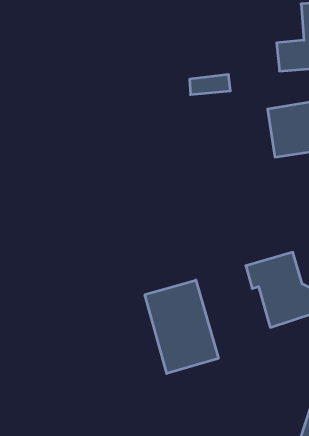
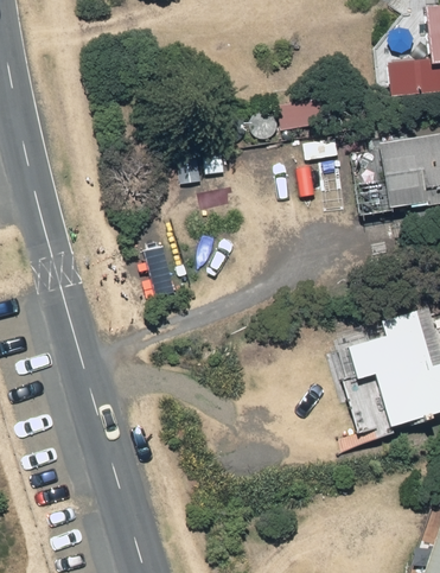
building: [145,280,218,374] -> none

